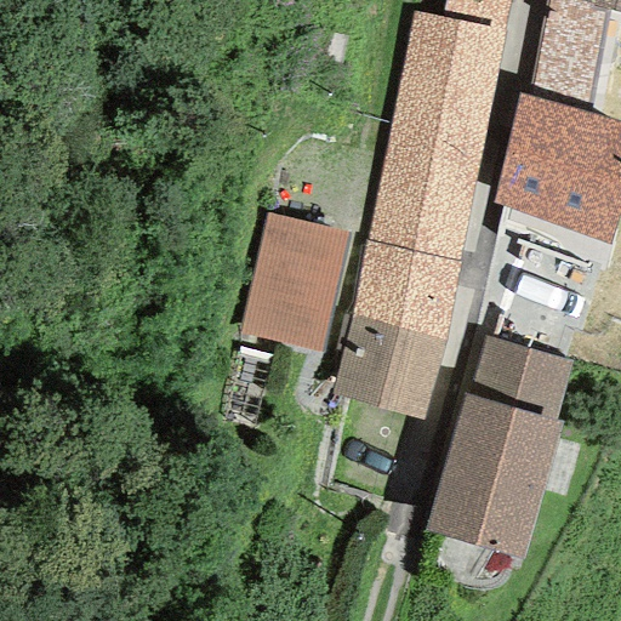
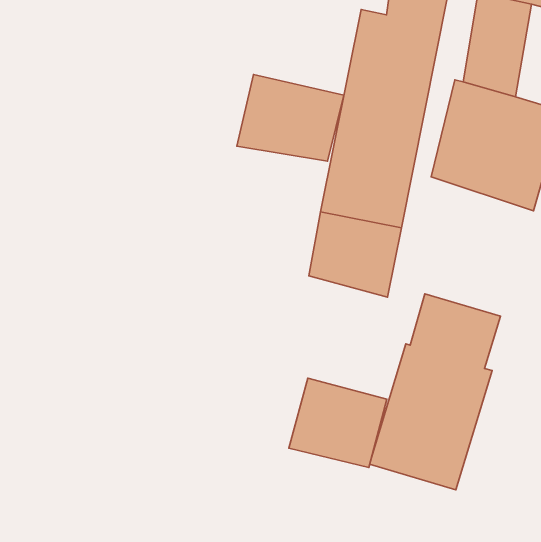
building: none -> [237,74,344,161]
building: [241,213,351,348] -> none
building: [334,314,445,416] -> [289,378,387,467]

